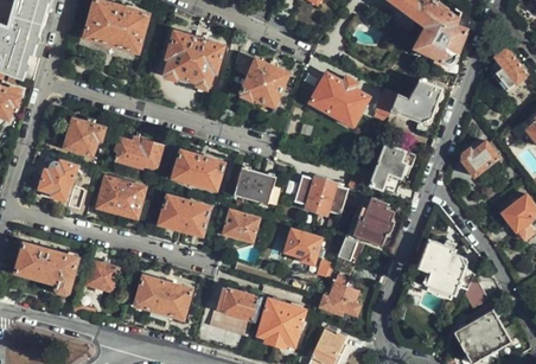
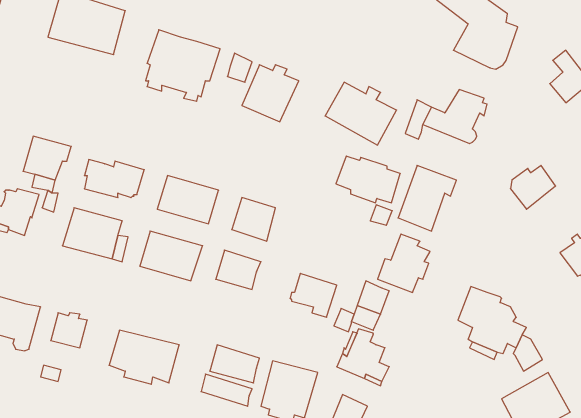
building: [293,175,345,213] -> [336,156,400,203]

